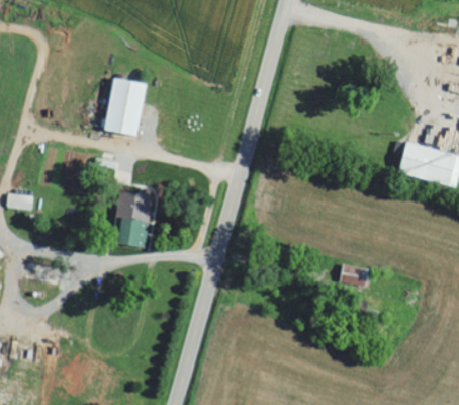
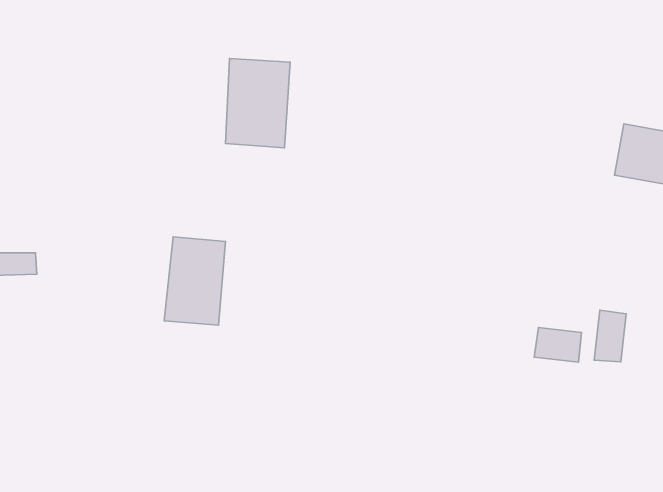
building: [103,78,147,136] -> [226,58,290,148]
building: none -> [594,310,626,362]

